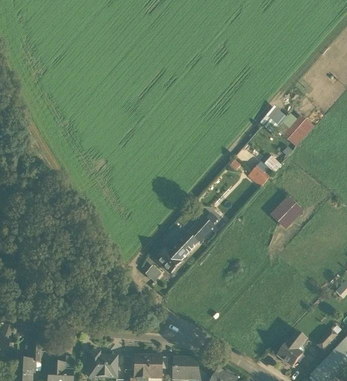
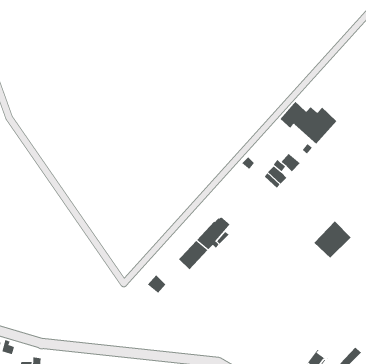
building: [269,196,303,230] -> [314,221,351,258]
building: [156,244,182,272] -> none

